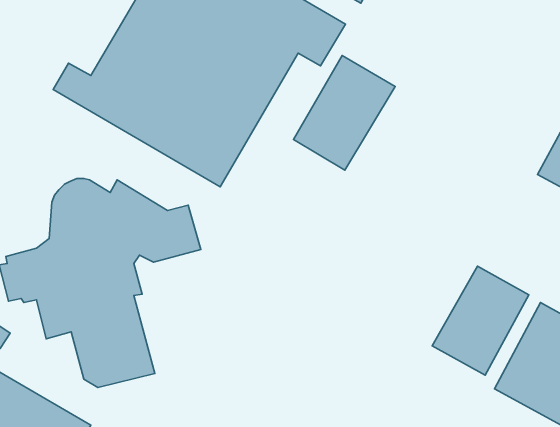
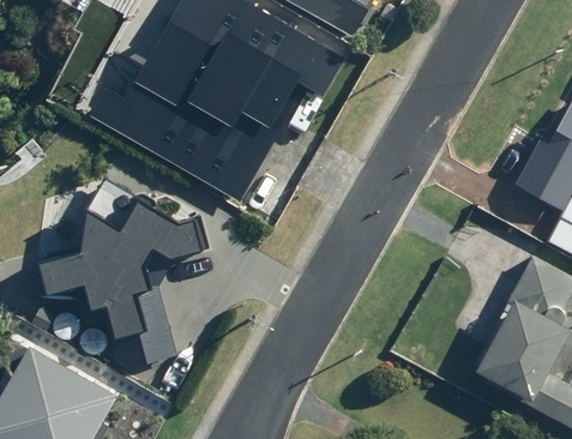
building: [294,55,395,170] -> none
building: [432,266,529,375] -> none

